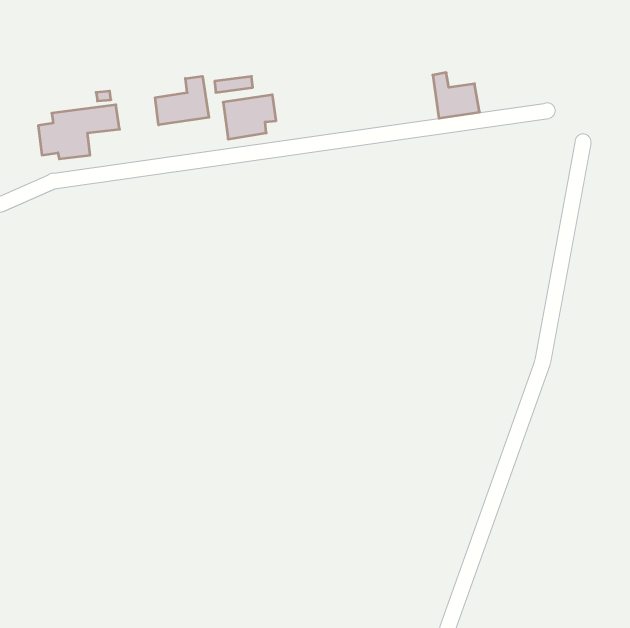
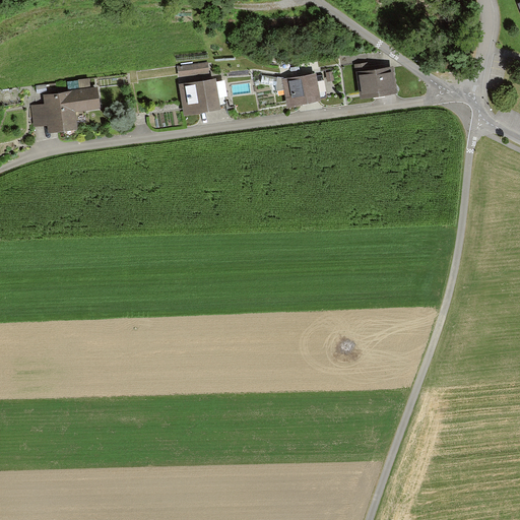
building: [155,76,209,125] -> none
building: none -> [281,72,320,107]

